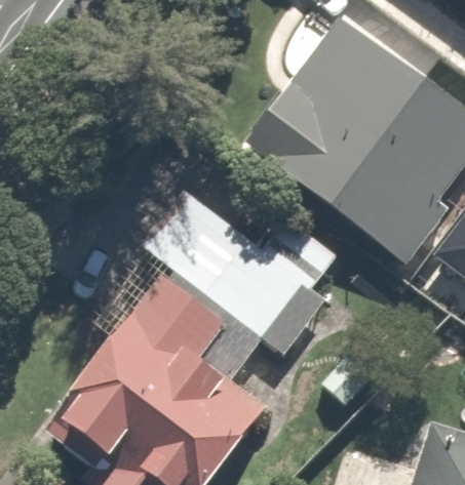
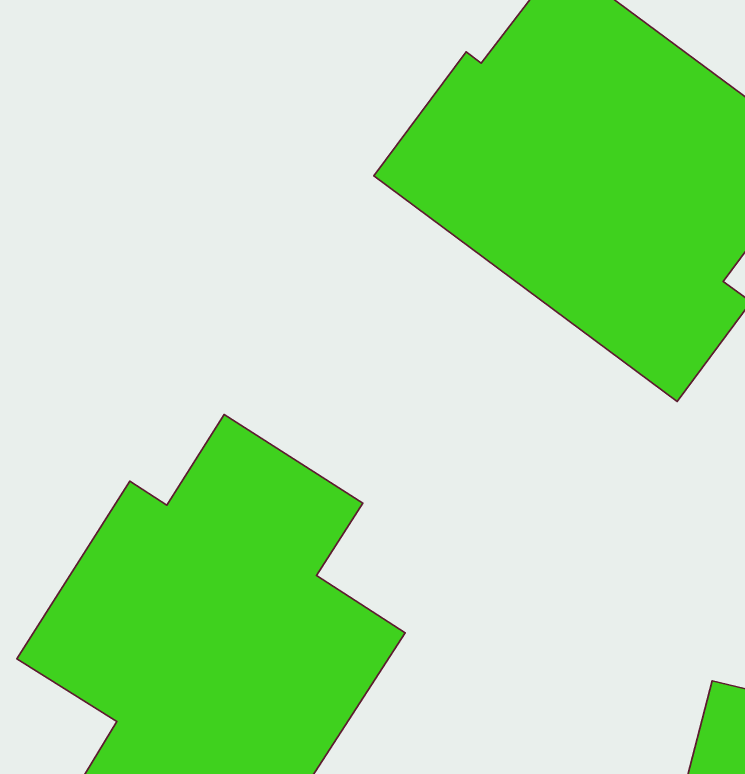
building: [149,185,340,337] -> none

